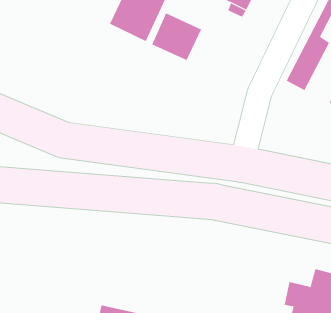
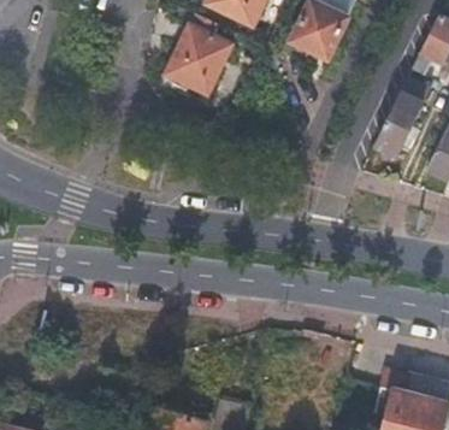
building: [151,12,202,61] -> none

